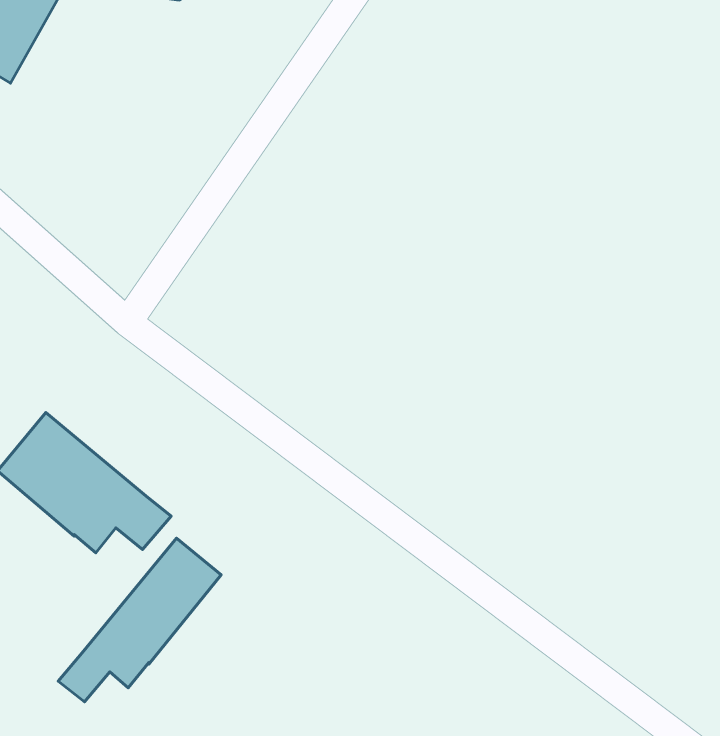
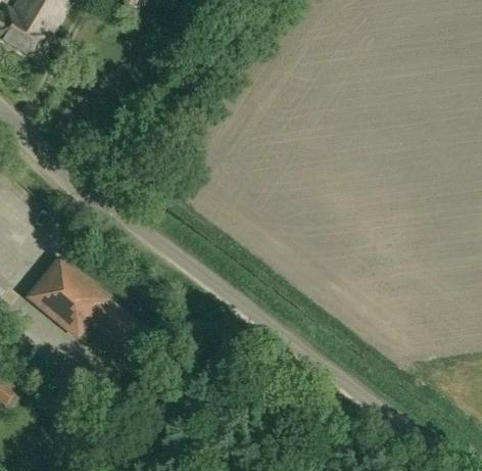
building: [58,538,221,702] -> none

